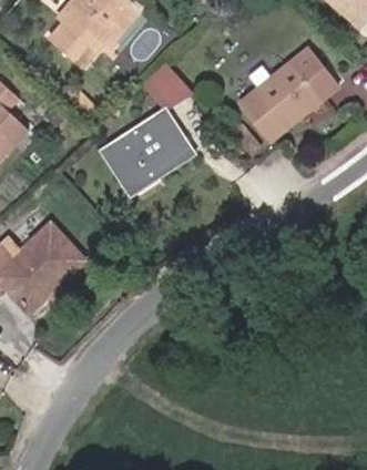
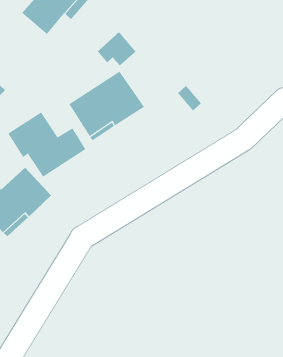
building: [237,45,335,137] -> none
building: none -> [8,111,86,177]

